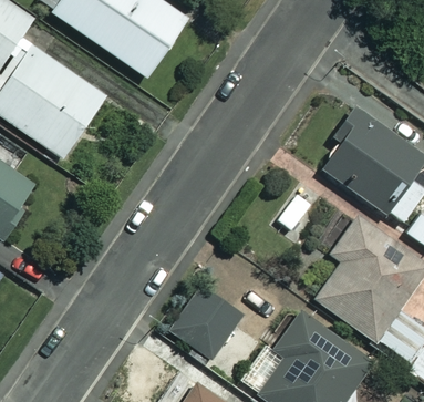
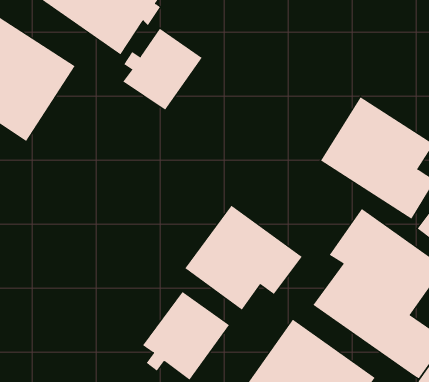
building: none -> [123,28,203,111]
building: none -> [184,205,303,310]

